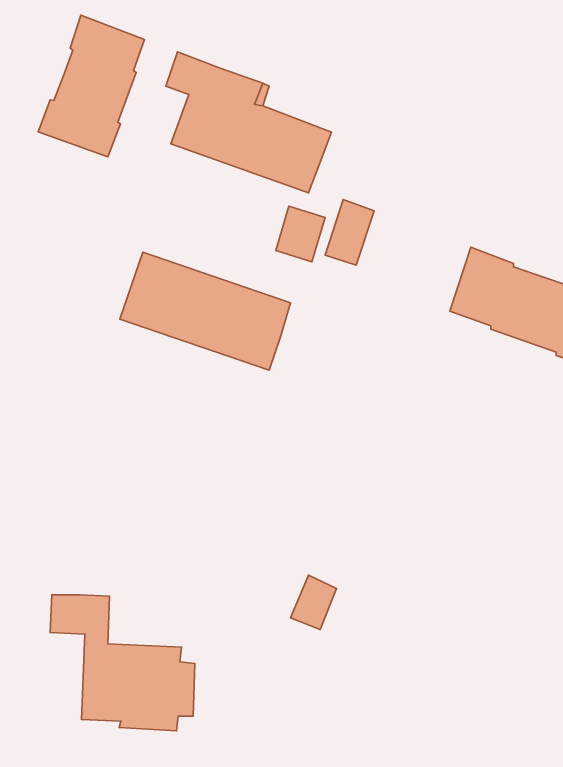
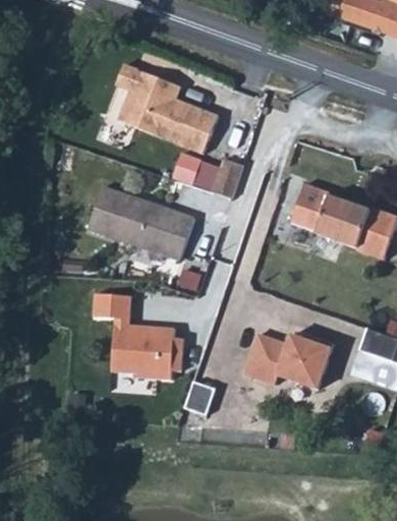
building: [38,15,144,157] -> none
building: none -> [246,336,338,394]
building: [50,595,195,731] -> [94,291,183,375]

